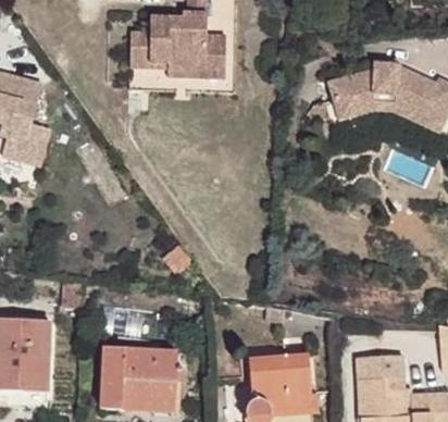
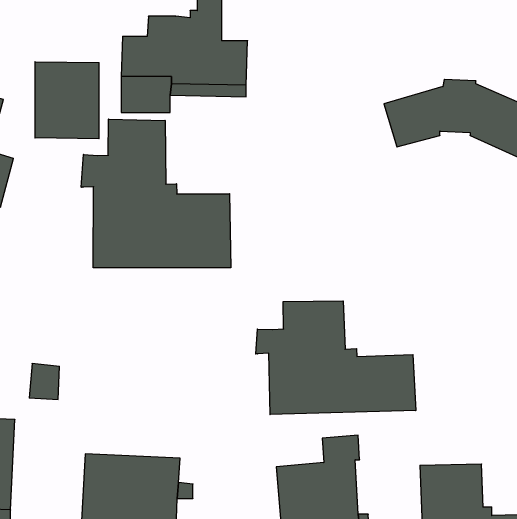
building: none -> [35,62,99,139]
building: none -> [81,119,231,268]
building: none -> [256,301,416,415]

